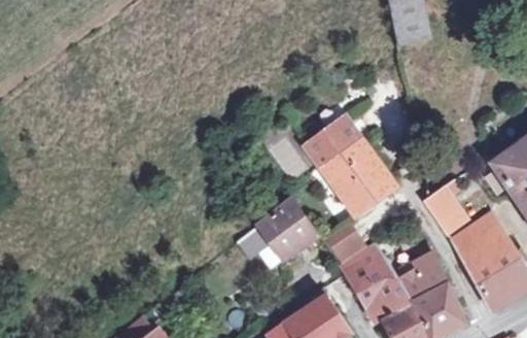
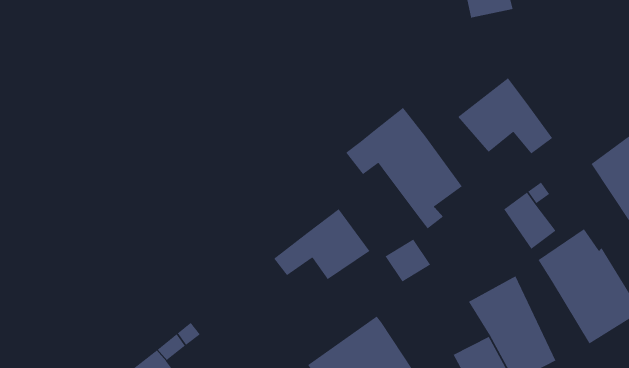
building: none -> [457,77,553,154]
building: [341,245,412,323] -> none

